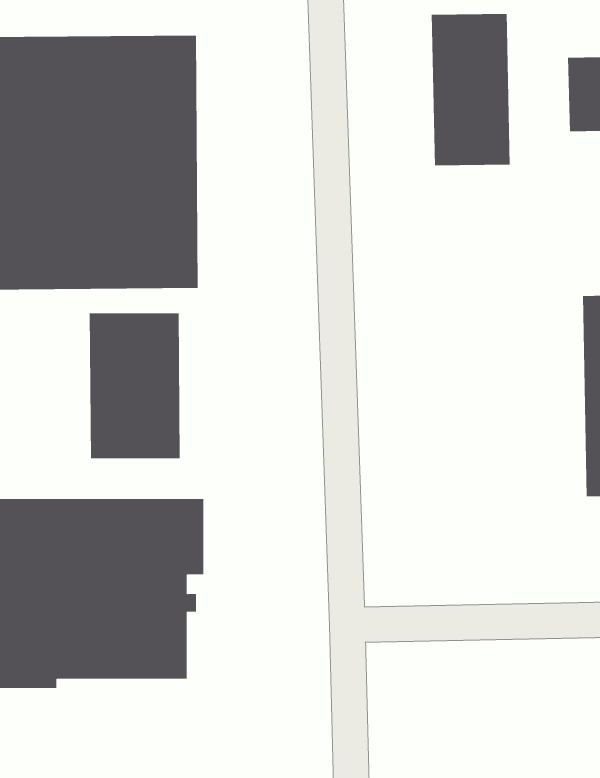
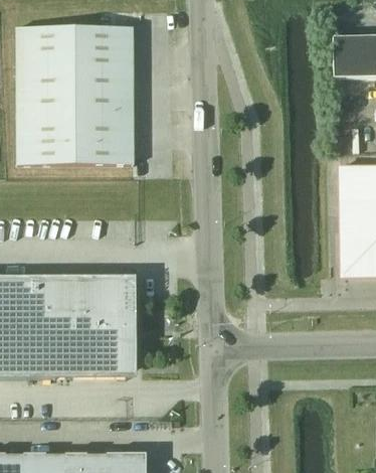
building: [431,13,510,166] -> none
building: [89,312,180,459] -> none

